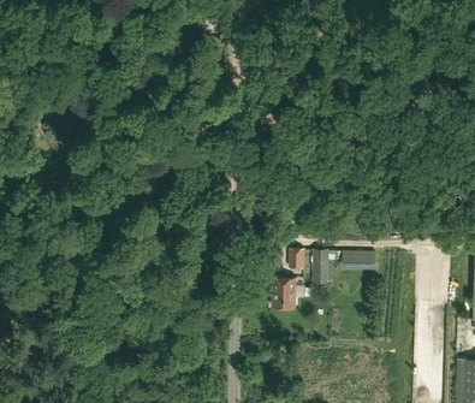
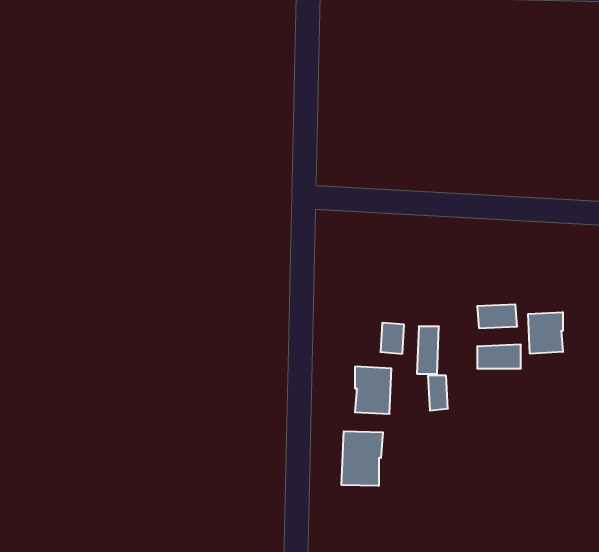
building: none -> [528,312,563,354]
building: none -> [342,431,383,486]

